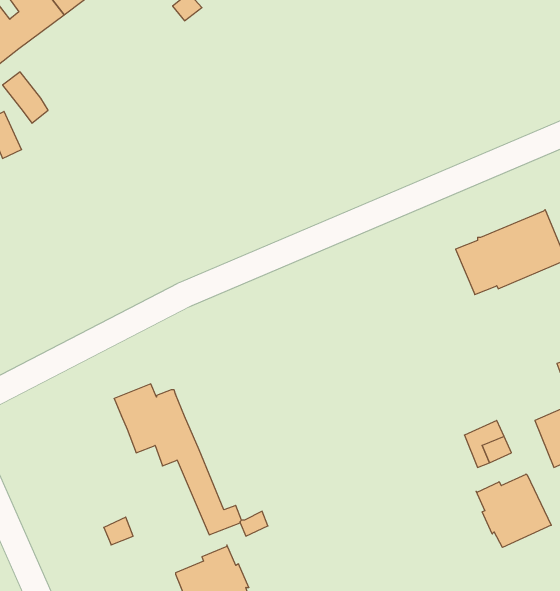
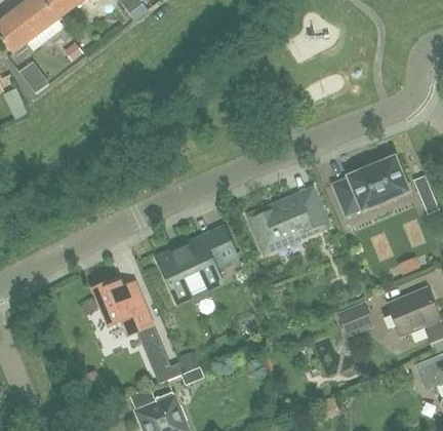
building: none -> [248,189,326,250]
building: none -> [157,228,236,301]
building: [476,474,551,547] -> none

